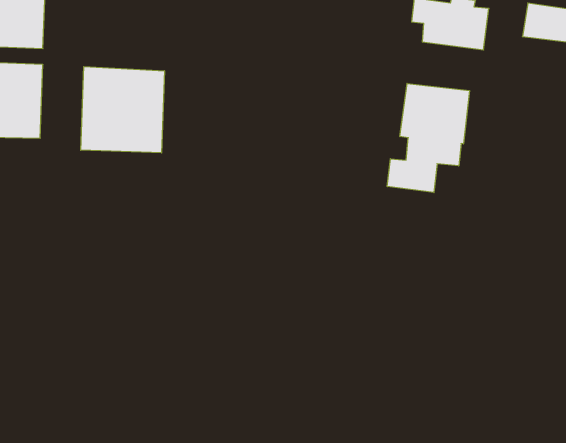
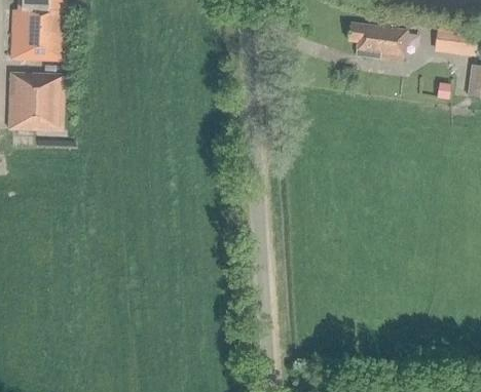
building: [81,67,164,153] -> none
building: [387,83,469,193] -> none

